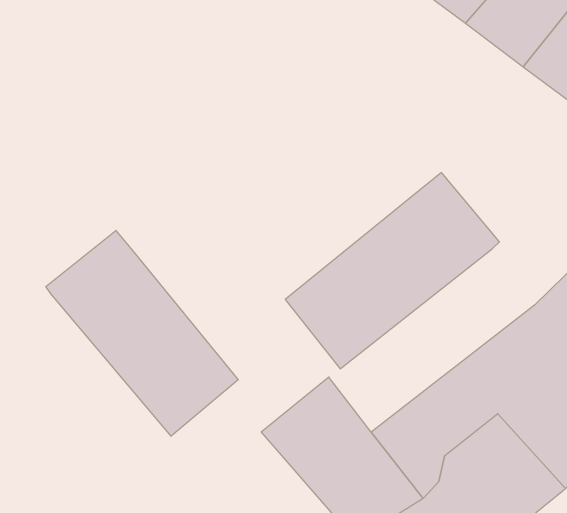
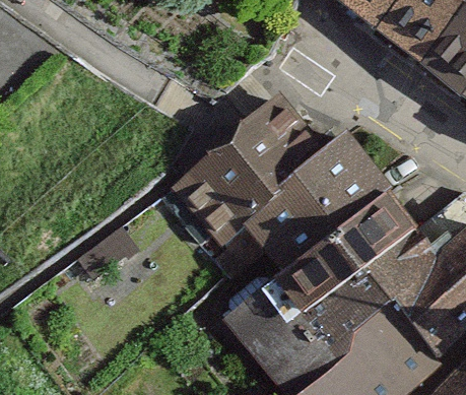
building: none -> [171,89,337,247]
building: [46,230,238,436] -> none
building: none -> [271,193,419,325]

